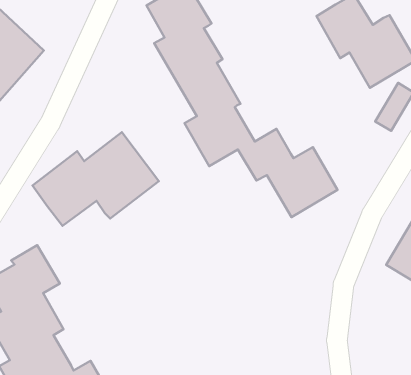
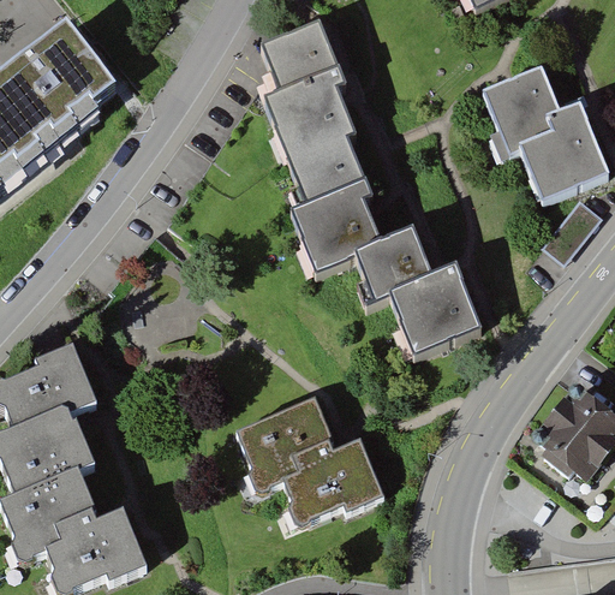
building: [32,132,159,226] -> none
building: none -> [237,394,383,525]

